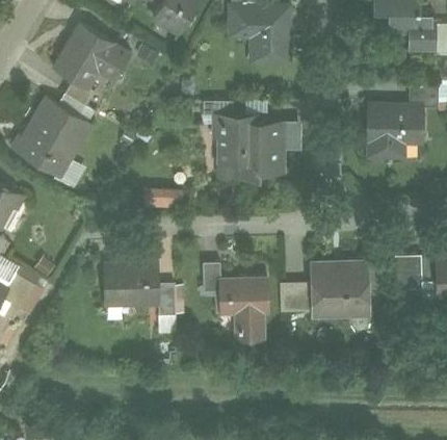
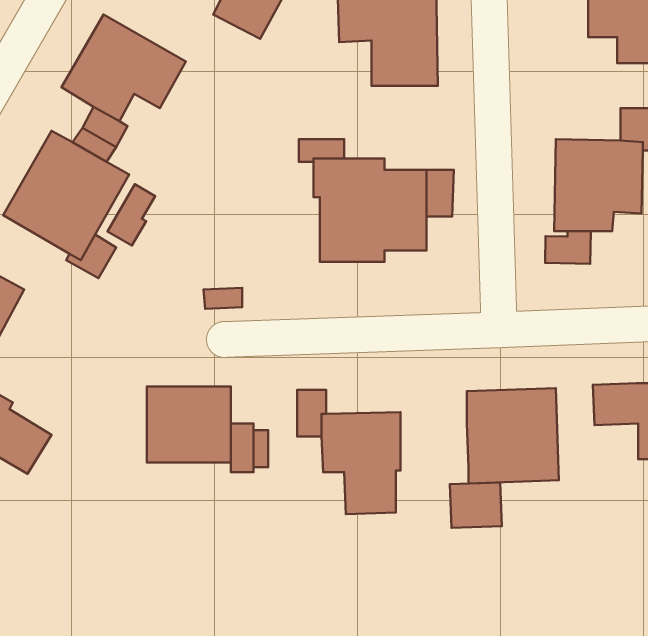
building: none -> [107,184,155,246]
building: none -> [545,231,591,264]
building: [279,284,312,313] -> [450,482,502,528]

